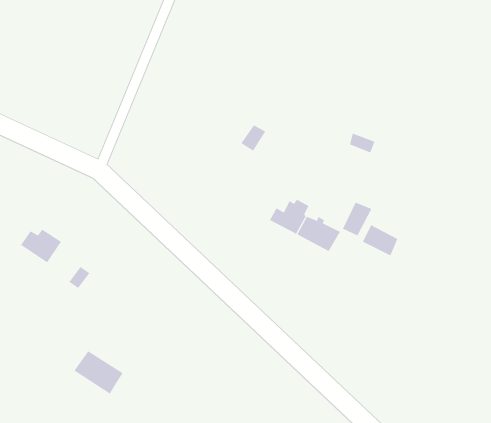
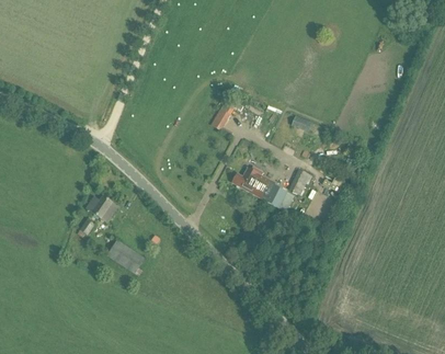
building: [20,229,62,263] -> [85,195,117,221]
building: [73,350,124,395] -> [105,239,144,273]

